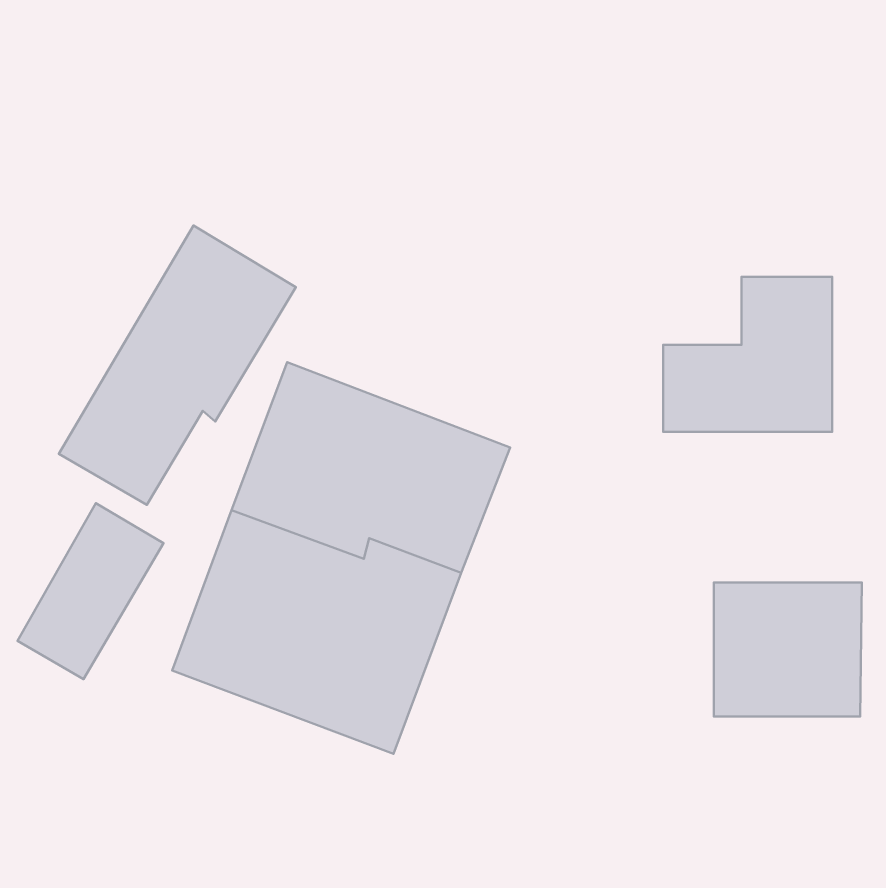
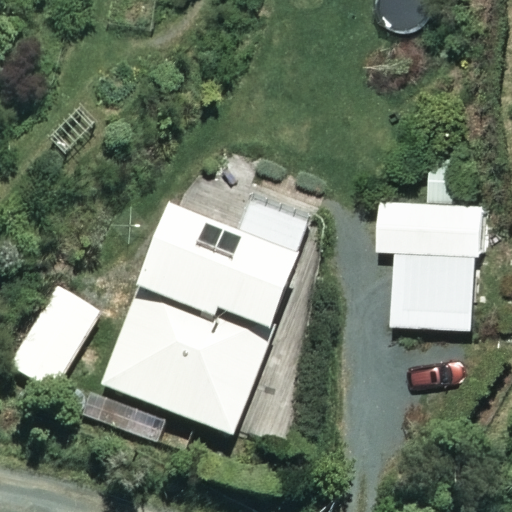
building: [59,226,296,505] -> none
building: [714,583,862,717] -> [395,248,480,325]

